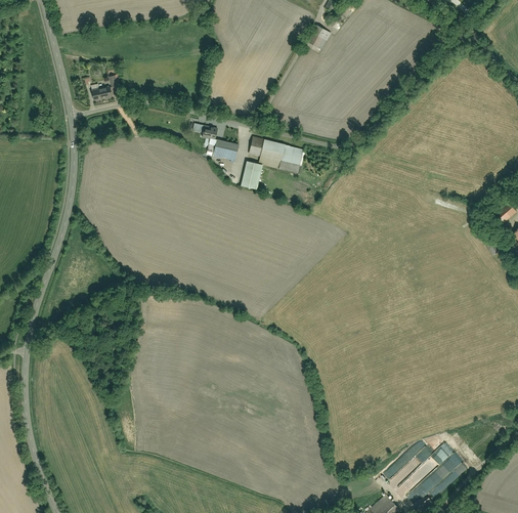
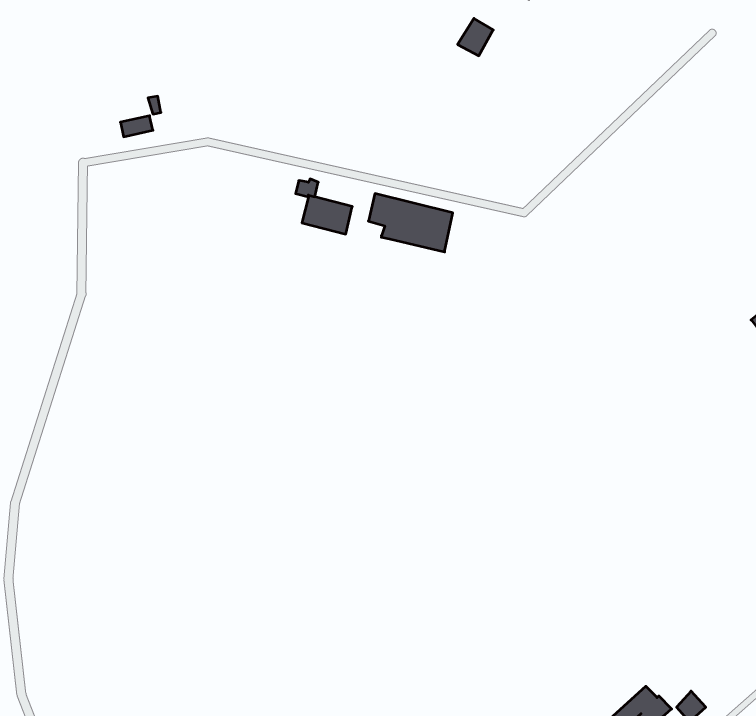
building: [242,161,263,189] -> none

